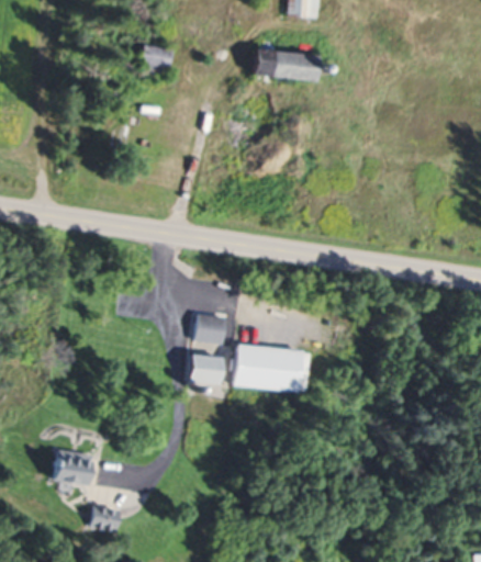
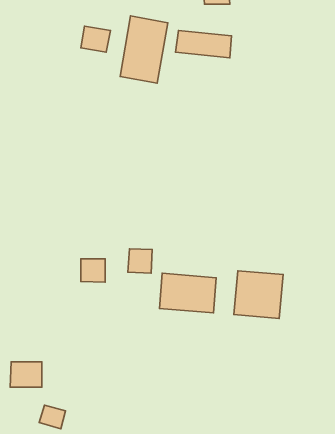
building: none -> [120,16,168,83]
building: none -> [234,271,283,318]
building: [192,355,222,383] -> [81,259,105,282]

